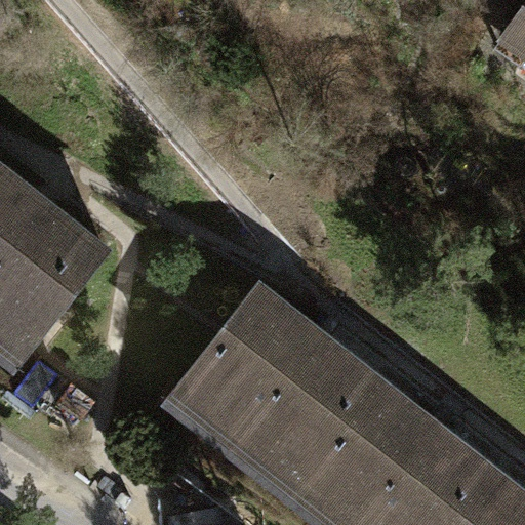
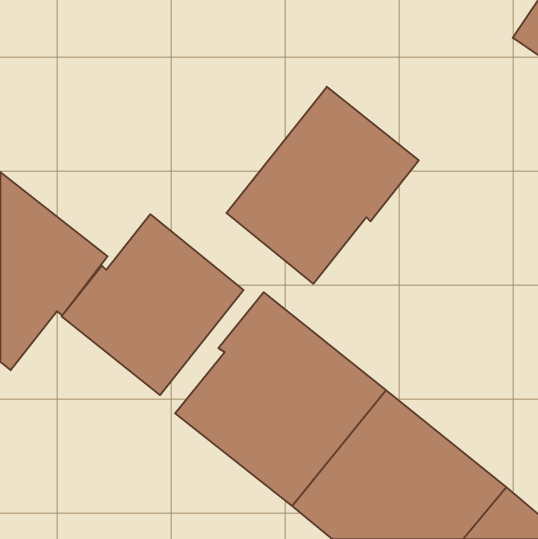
building: none -> [226,87,419,284]
building: none -> [62,214,244,395]

